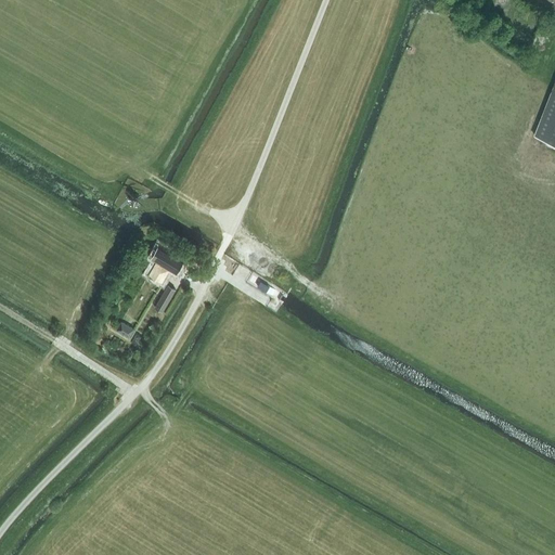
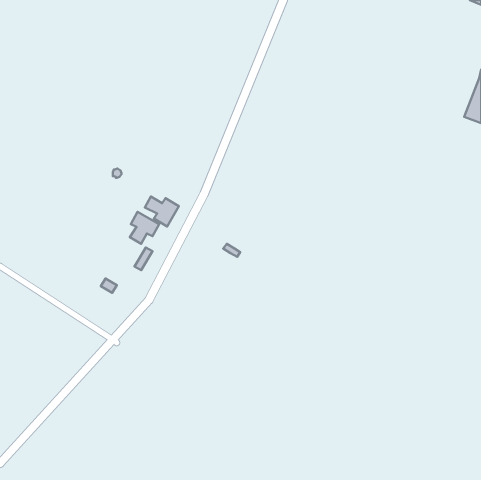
building: none -> [145,196,179,227]

